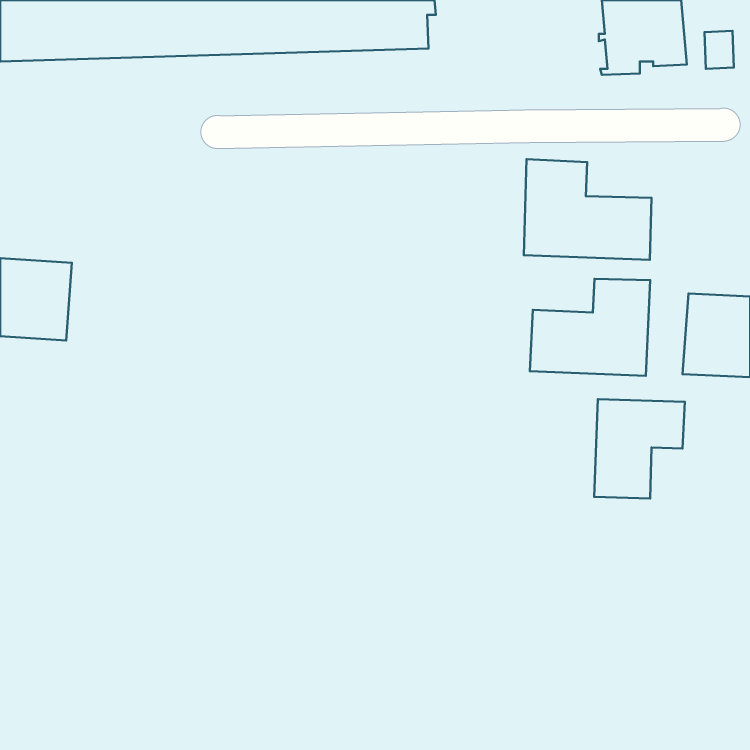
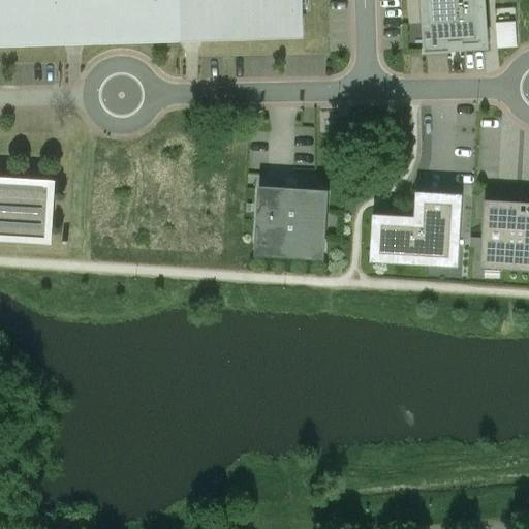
building: [524,159,651,260] -> none
building: none -> [257,189,324,257]
building: [594,399,685,498] -> none

